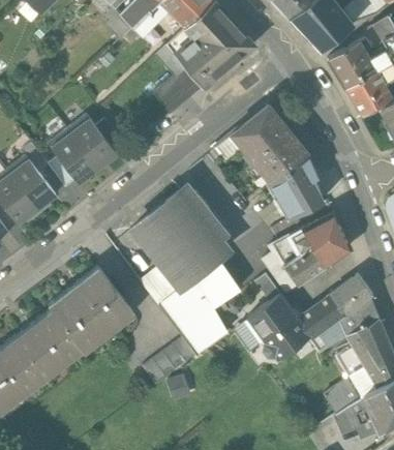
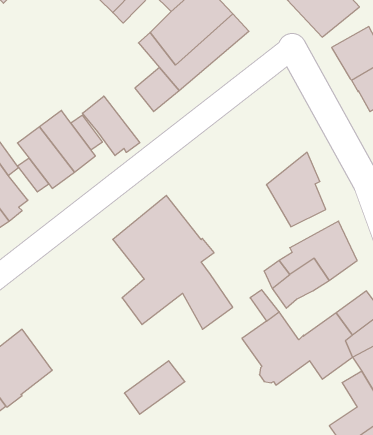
building: none -> [82,96,140,156]
building: [233,106,307,182] -> none
building: [49,268,129,347] -> none
building: [159,278,228,357] -> none

